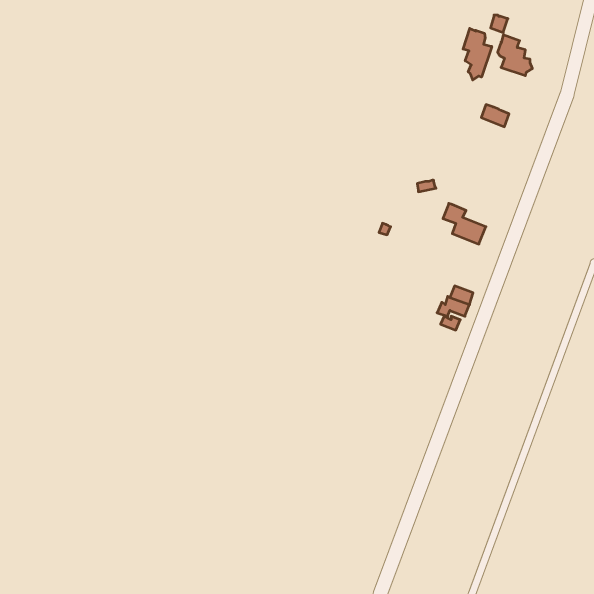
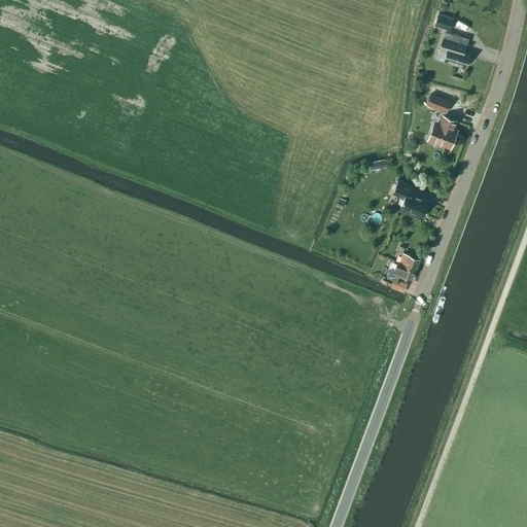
building: [463,28,492,80] -> none
building: none -> [430,115,457,147]

